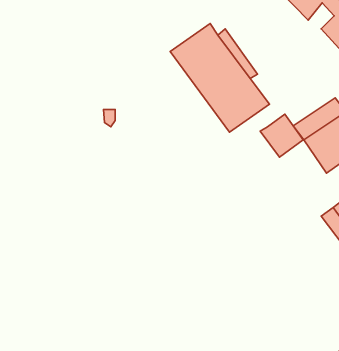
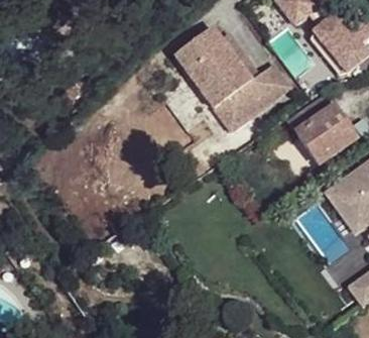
building: [260,114,303,157] -> [248,59,288,99]

